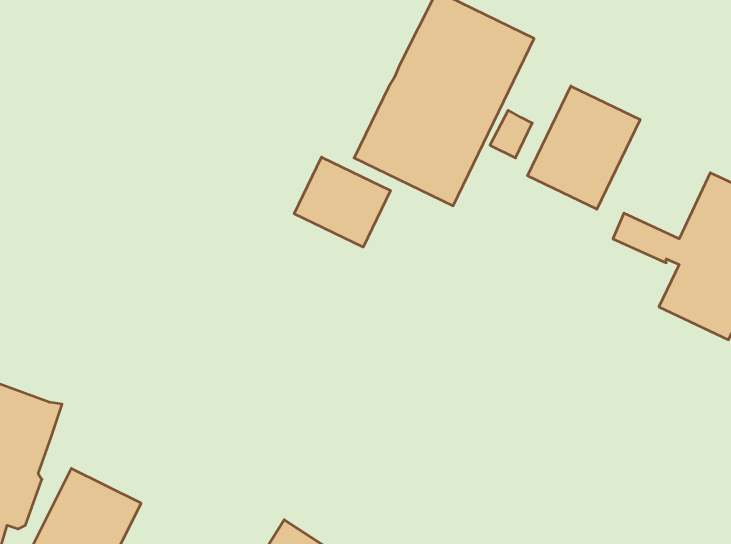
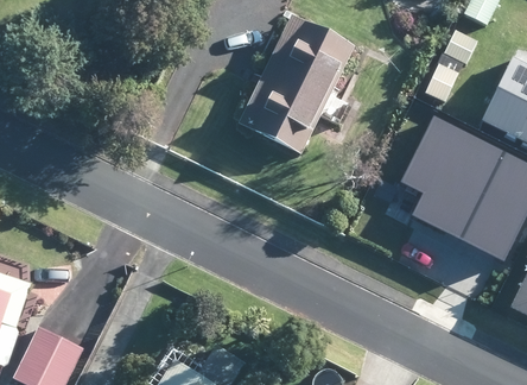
building: [528,86,640,209] -> none
building: [294,157,390,247] -> none

